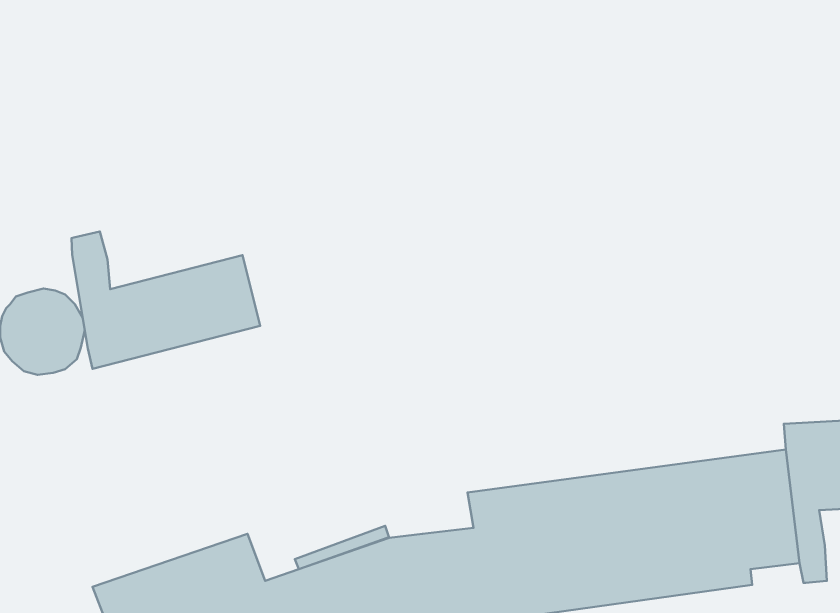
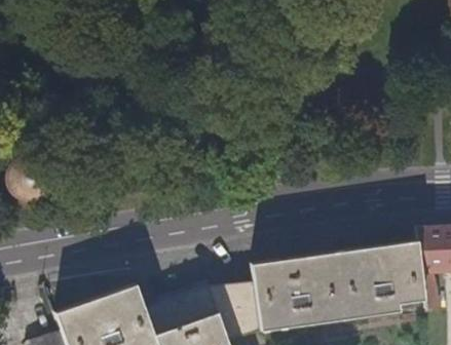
building: [71,231,260,369] -> none

